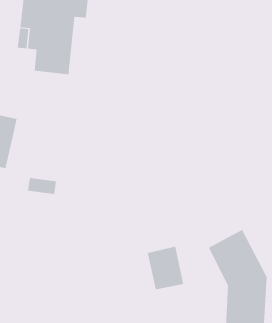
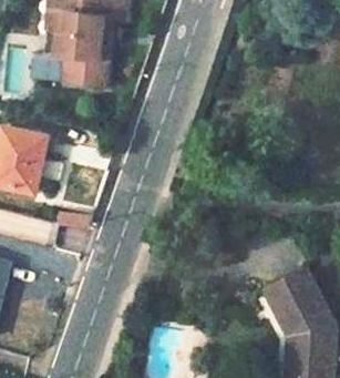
building: [147,246,184,290] -> none

